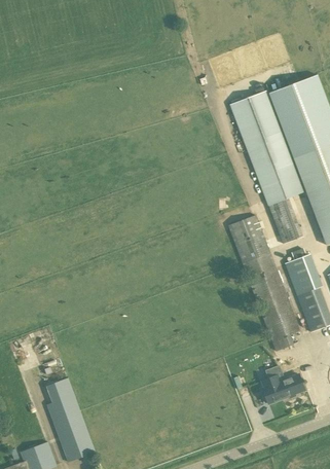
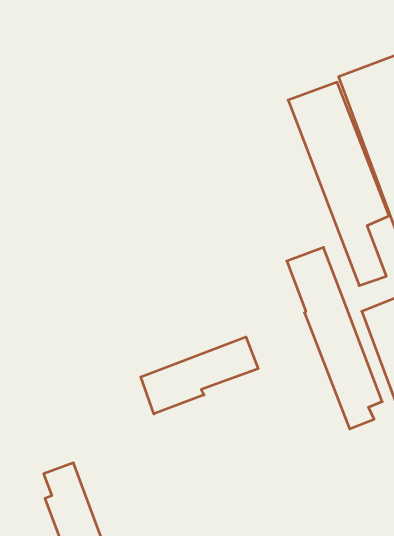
building: none -> [141,337,258,414]
building: [260,373,303,403] -> none

